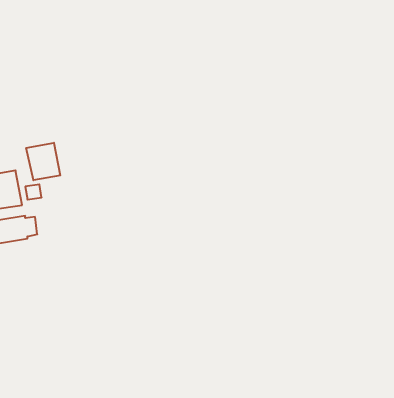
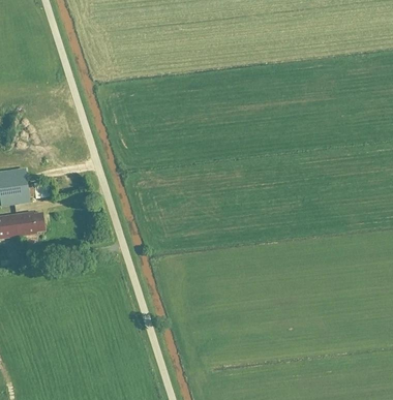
building: [26,143,60,180] -> none

